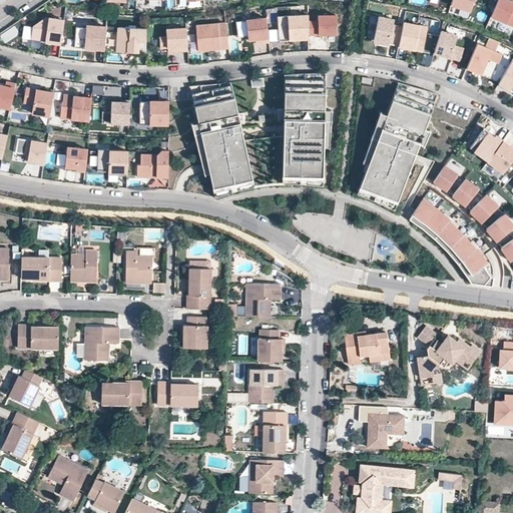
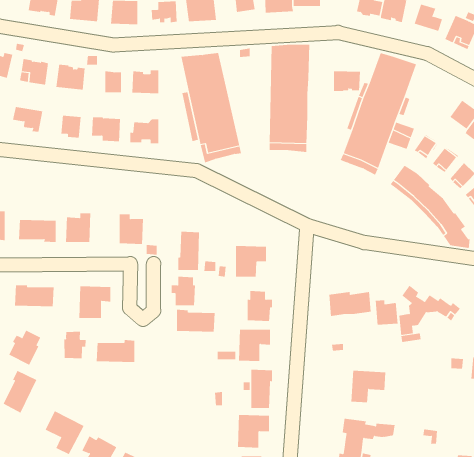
building: none -> [333,71,360,92]
building: none -> [375,300,398,325]
building: none -> [64,331,86,359]
building: [159,383,200,407] -> [176,309,216,332]

